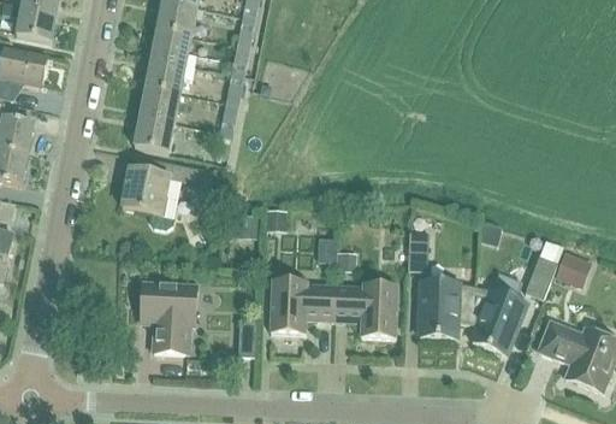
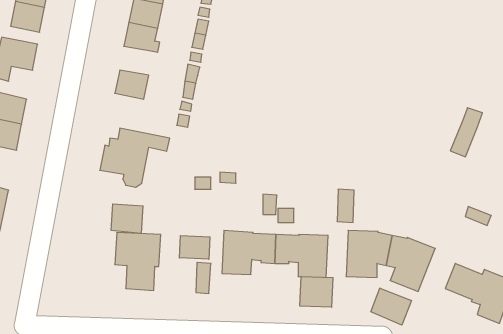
building: [146,59,191,94] -> none
building: [134,116,174,153] -> none
building: [523,240,562,299] -> [450,108,482,157]
building: none -> [111,204,143,233]
building: none -> [179,236,210,259]
building: none -> [300,276,333,307]
building: none -> [371,288,411,325]

